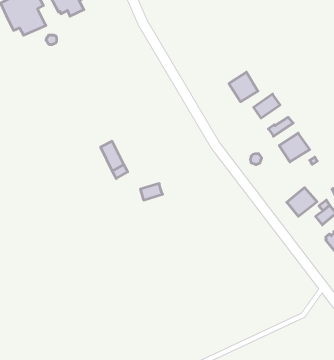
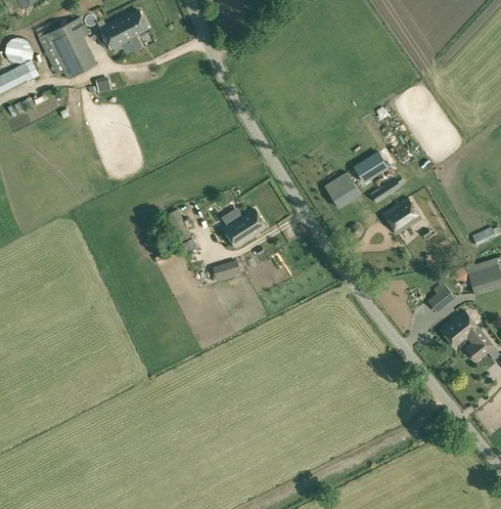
building: [229,72,258,102] -> [325,171,361,208]
building: none -> [223,208,266,247]
building: [287,188,317,216] -> none

